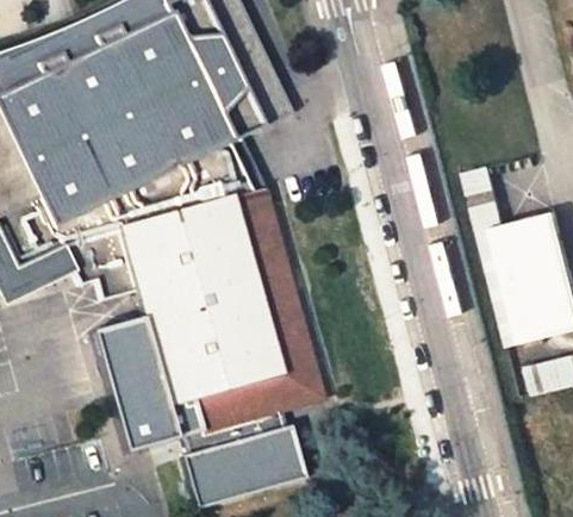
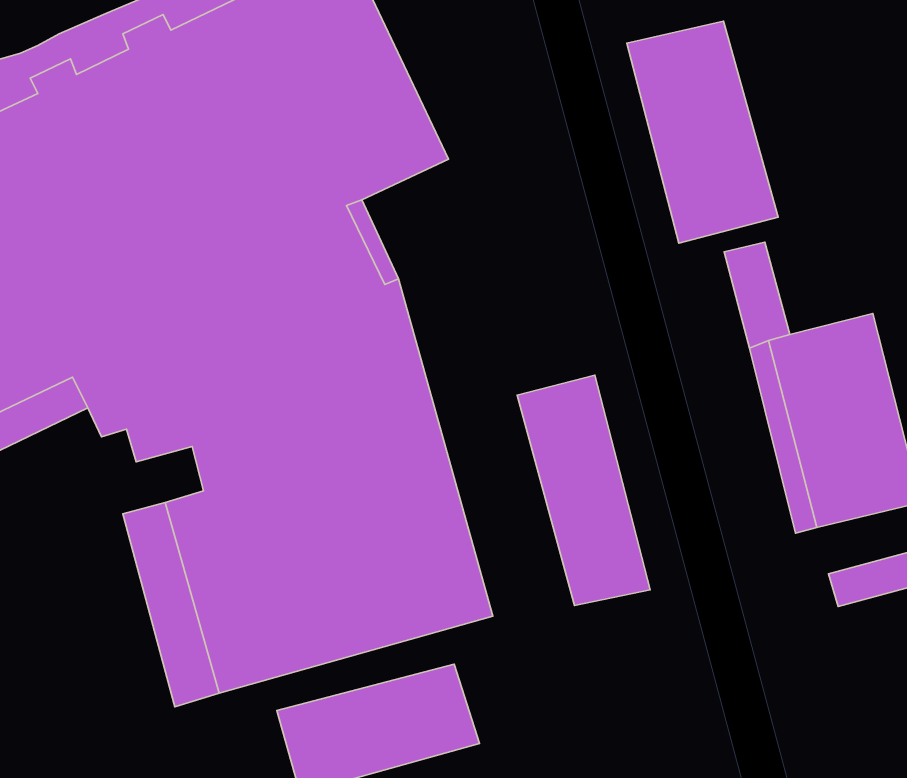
building: none -> [627,21,778,243]
building: none -> [517,375,650,606]

